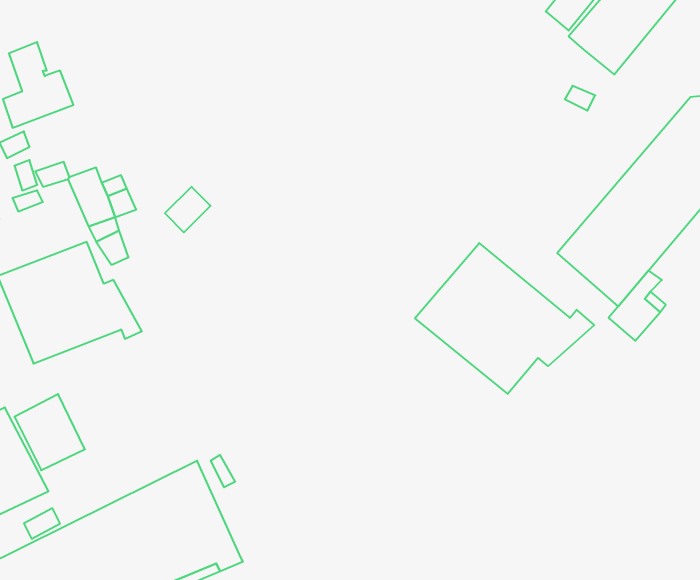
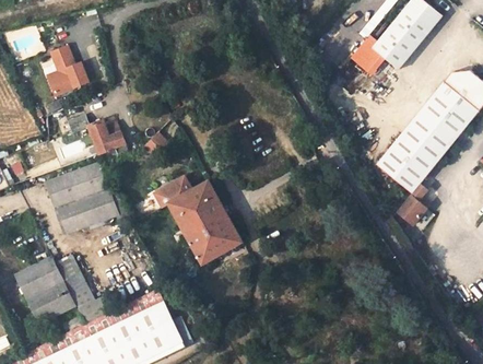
building: none -> [351,39,381,70]
building: [415,243,594,394] -> none
building: none -> [152,177,240,267]

